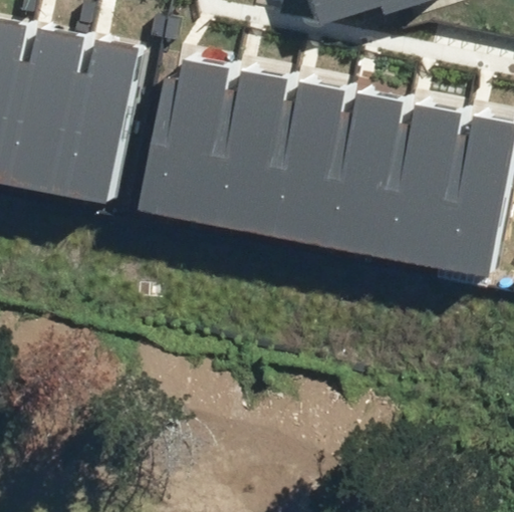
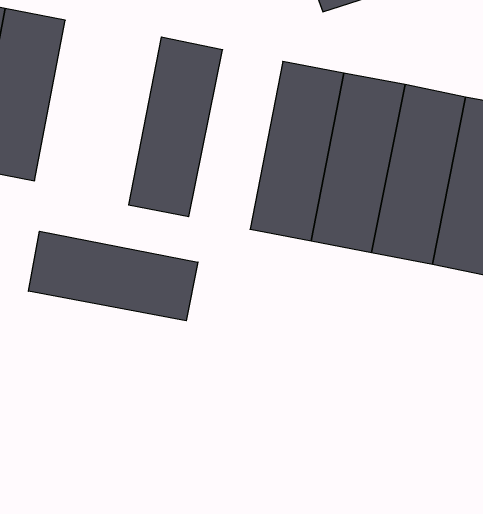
building: [51,37,139,201] -> none
building: [198,65,287,236] -> none
building: none -> [28,231,198,321]

